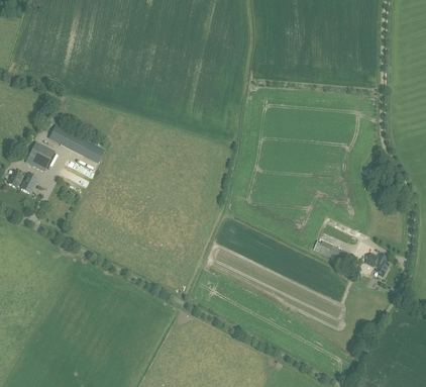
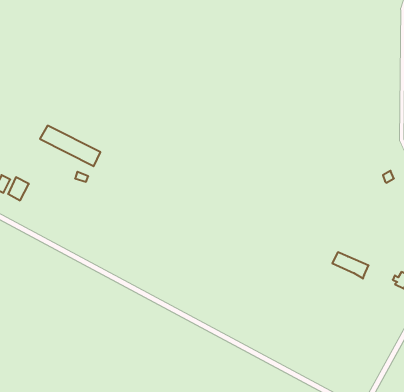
building: [25,141,54,171] -> none

